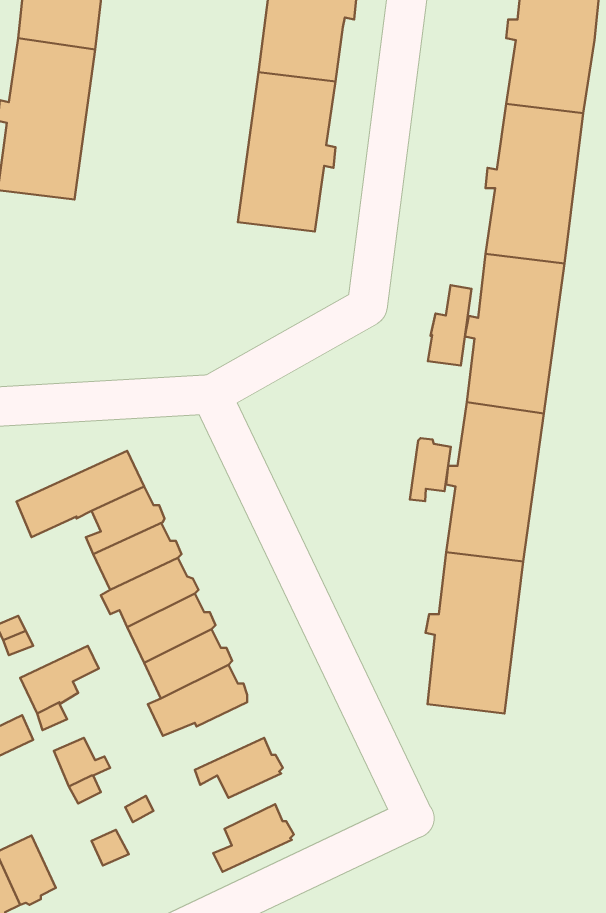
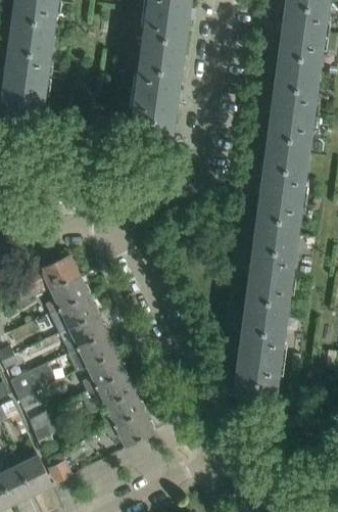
building: [428,285,472,366] -> none
building: [410,438,451,501] -> none
building: [213,804,294,872] -> [102,391,146,428]
building: none -> [18,455,52,493]

